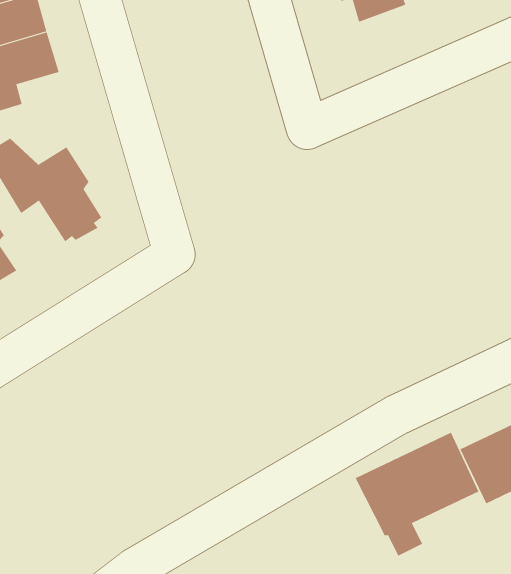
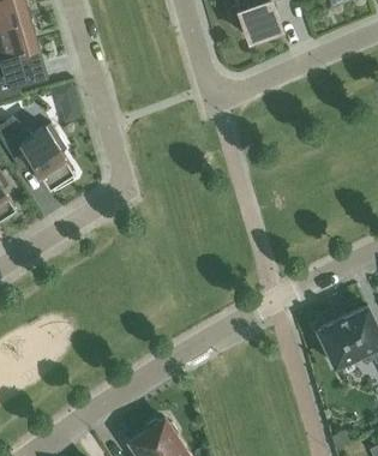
building: [355,432,479,556] -> none

